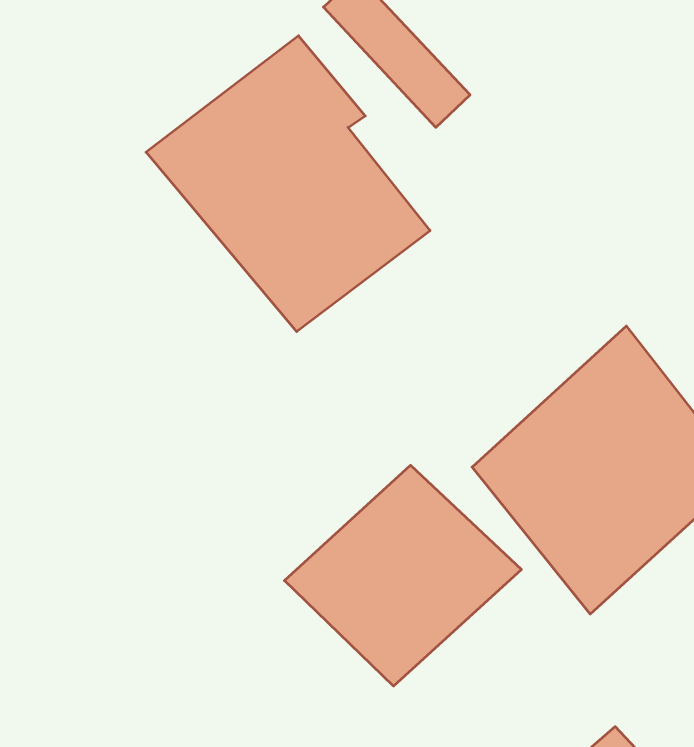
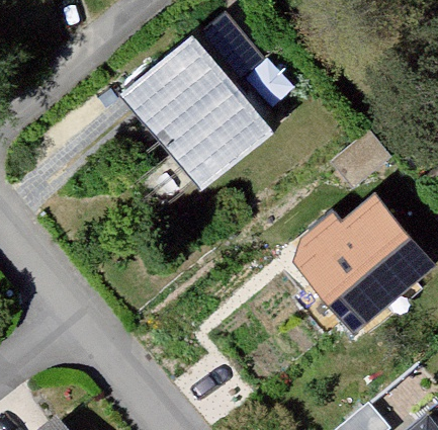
building: [284,465,521,686] -> none

